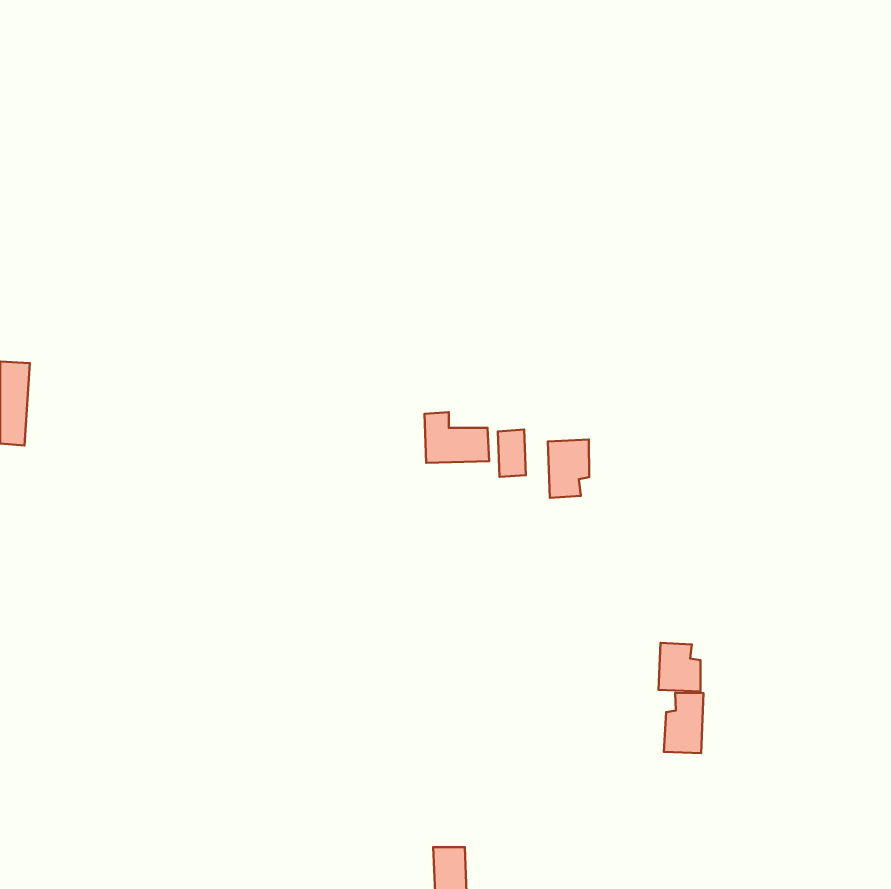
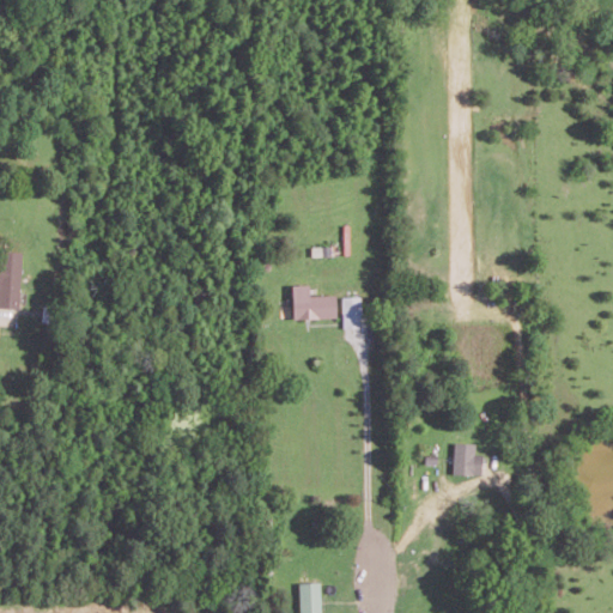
building: [548,440,589,498] -> none
building: [664,693,703,753] -> none

